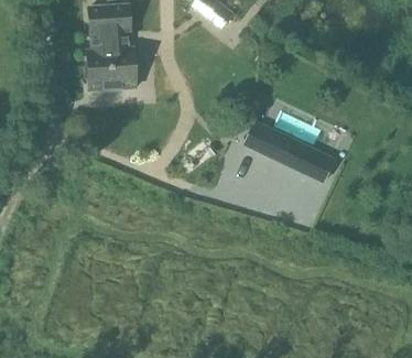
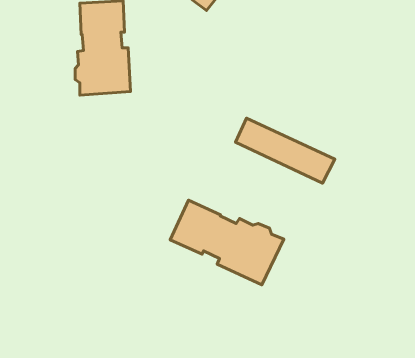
building: none -> [170,200,284,285]

